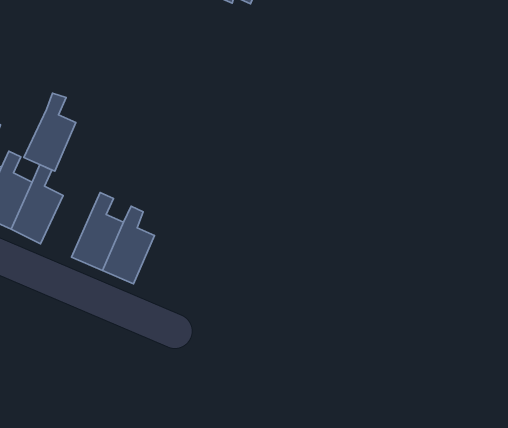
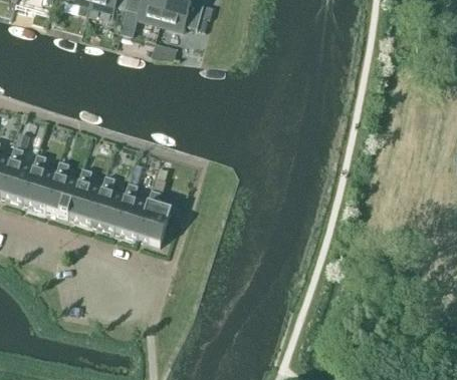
building: [24,93,76,171] -> [66,167,100,223]
building: none -> [136,188,170,244]

